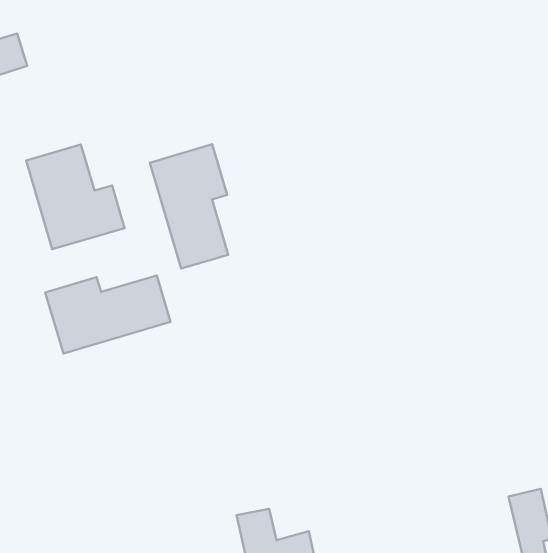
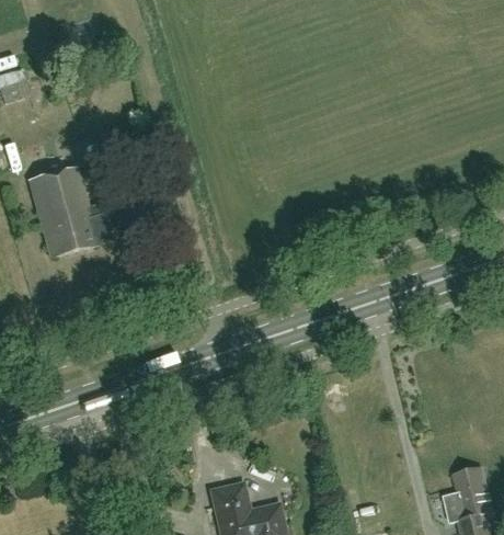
building: [150,144,228,269] -> none
building: [45,276,171,354] -> none

